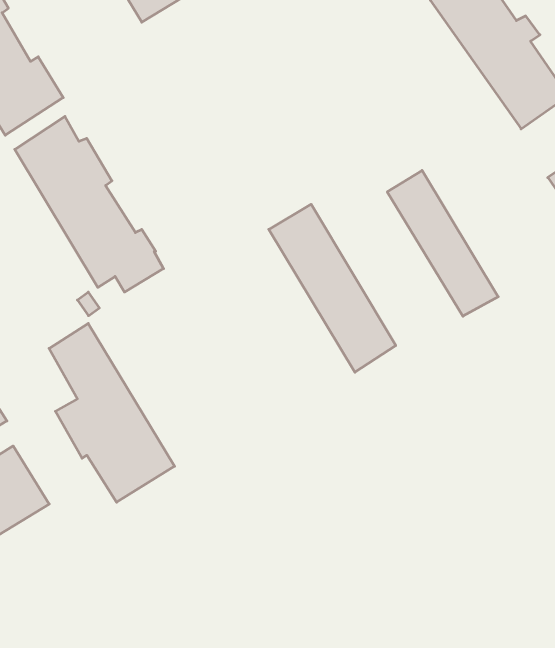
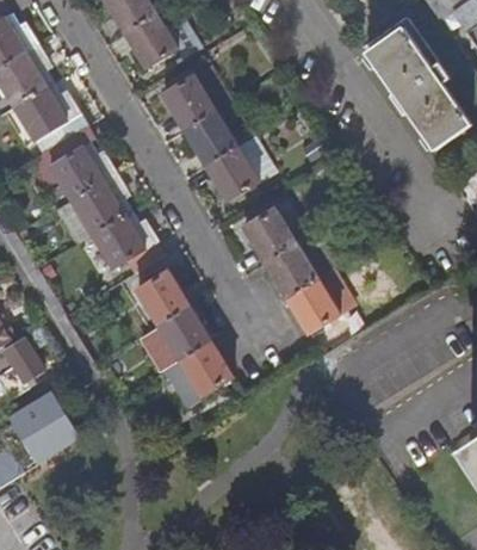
building: none -> [162,73,259,200]
building: [387,170,498,316] -> none
building: [49,323,175,502] -> [137,270,233,406]

